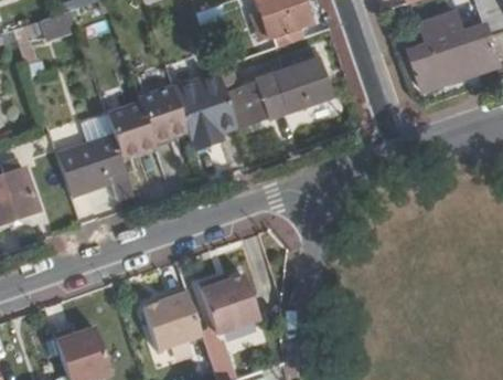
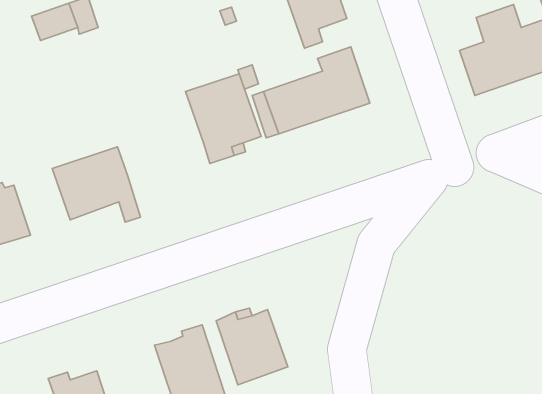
building: [106,87,186,160] -> none

